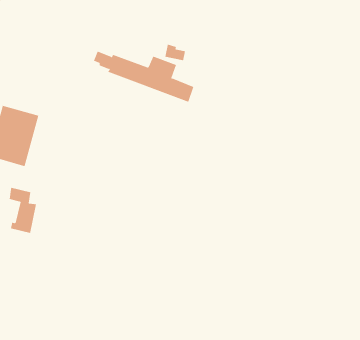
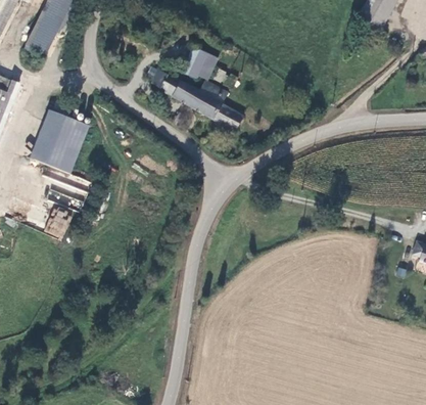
building: none -> [180,49,206,80]

